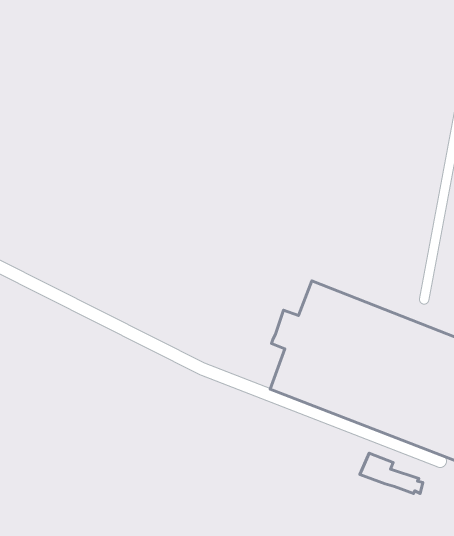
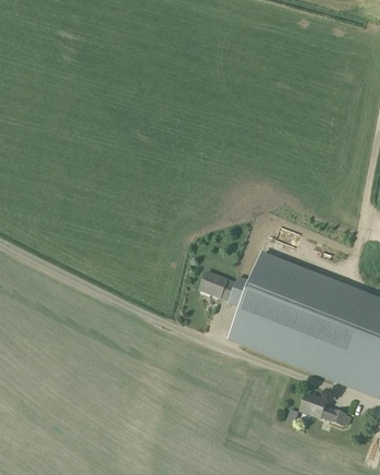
building: none -> [198,269,232,296]

